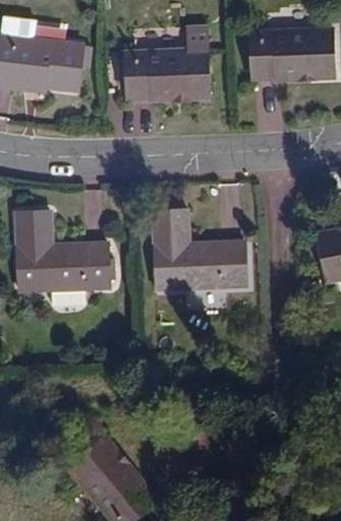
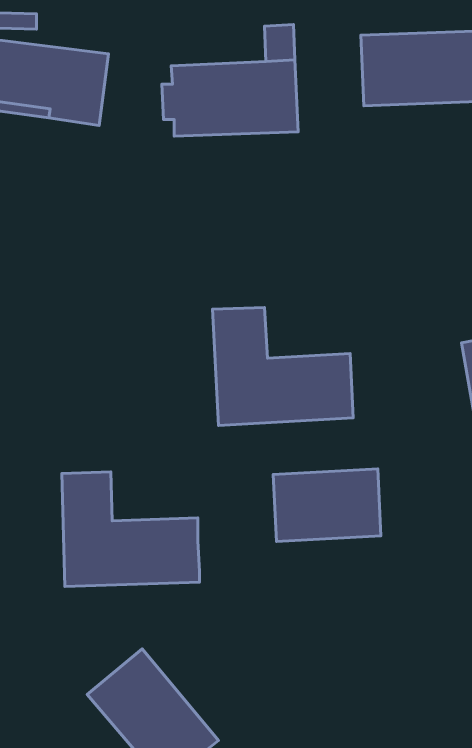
building: [17,216,109,292] -> [62,472,199,587]
building: none -> [273,469,381,541]

